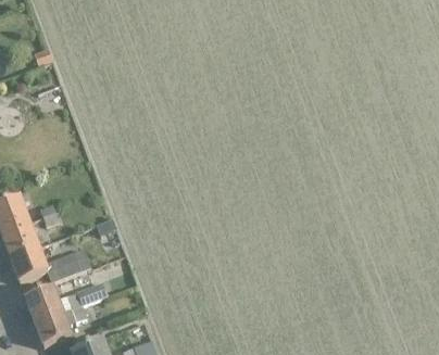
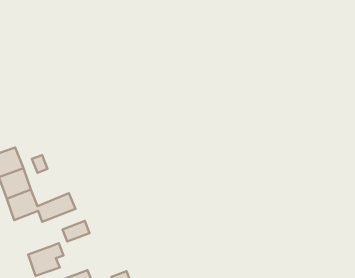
building: [24,286,61,320] -> none

